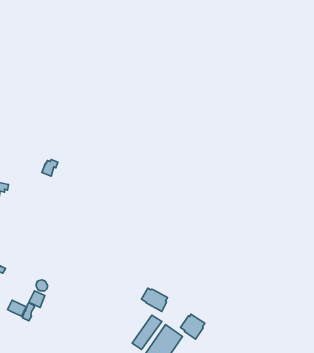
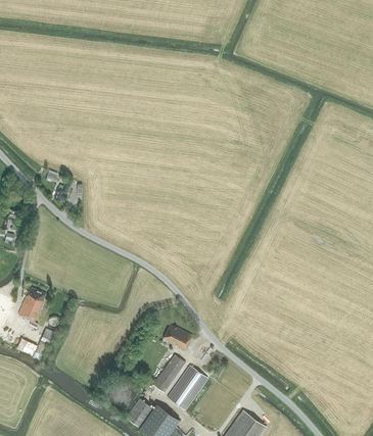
building: none -> [17,288,45,332]
building: [180,314,205,339] -> none

